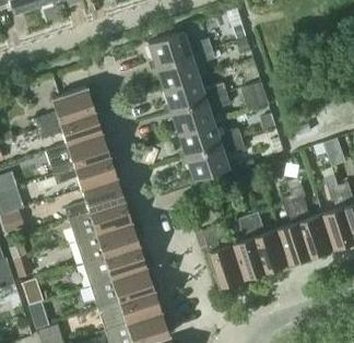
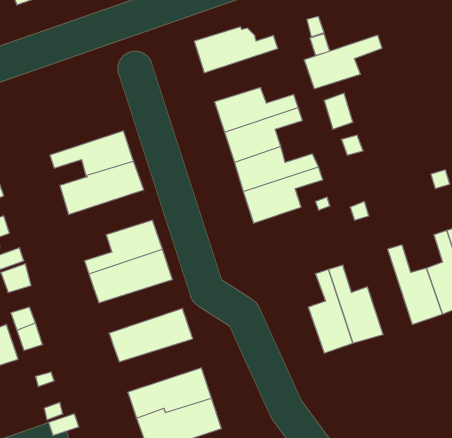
building: [155,47,214,87] -> [304,35,382,89]
building: [35,85,94,128] -> none
building: [52,154,116,188] -> none
building: [279,199,312,263] -> none
building: [75,222,139,262] -> none
building: [203,226,246,285] -> none
building: [91,267,153,307] -> none

